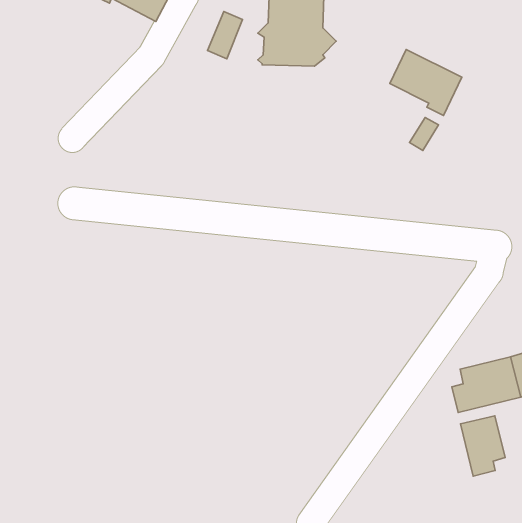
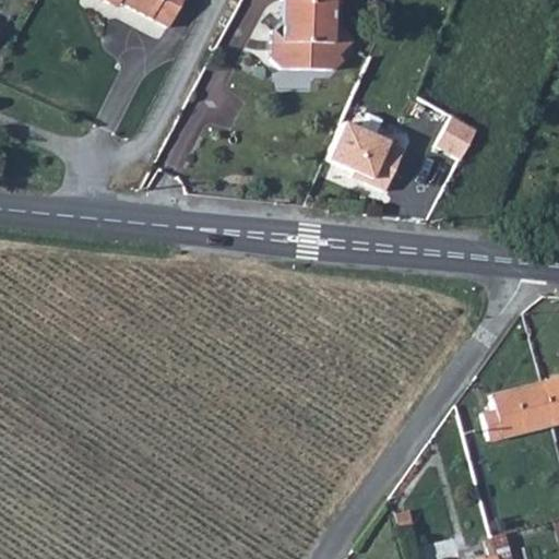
building: [390,49,462,115] -> [329,122,405,192]
building: [460,416,505,476] -> none

